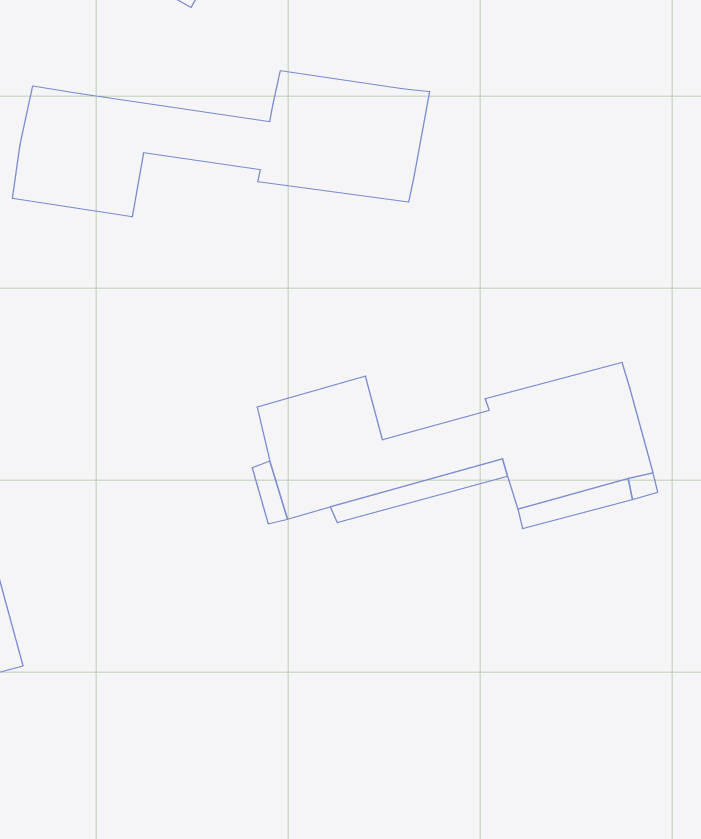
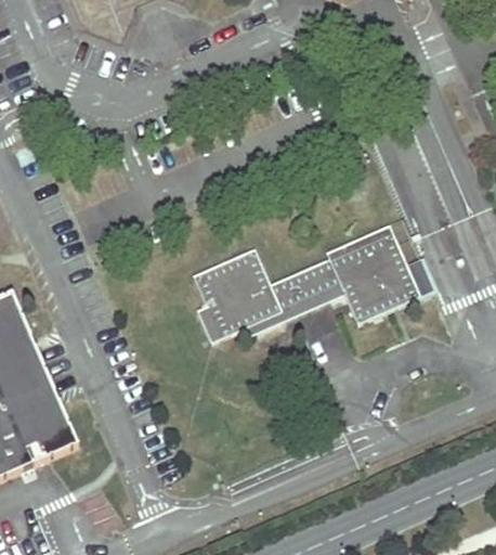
building: [12,71,430,217] -> none

